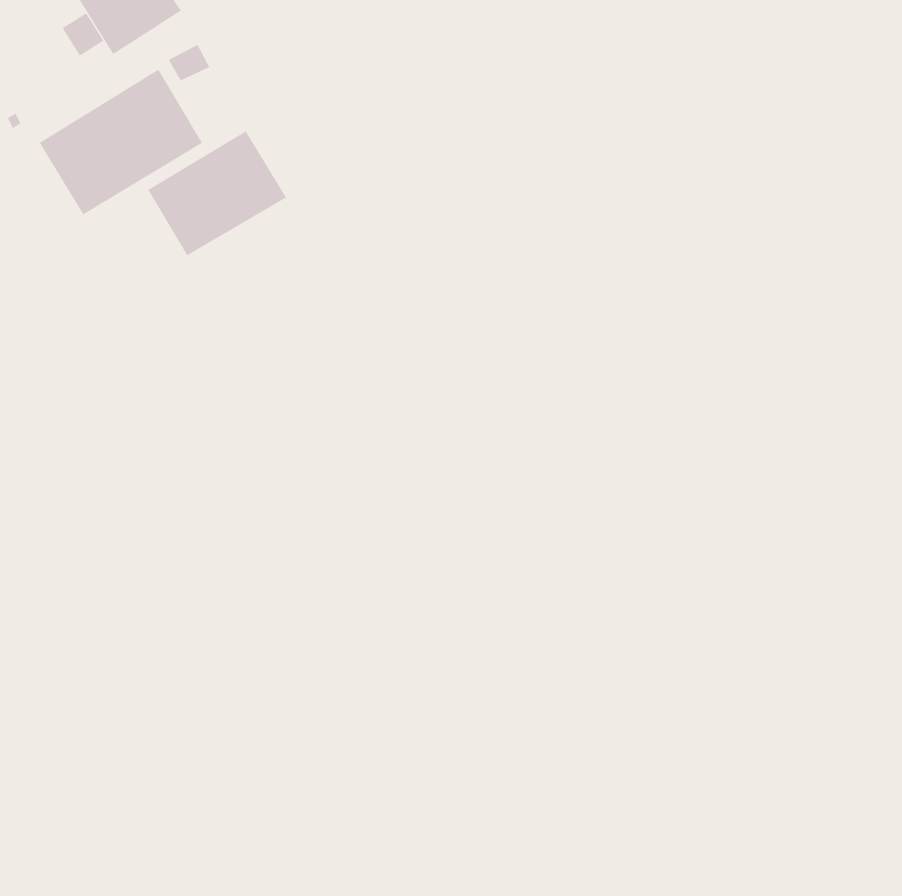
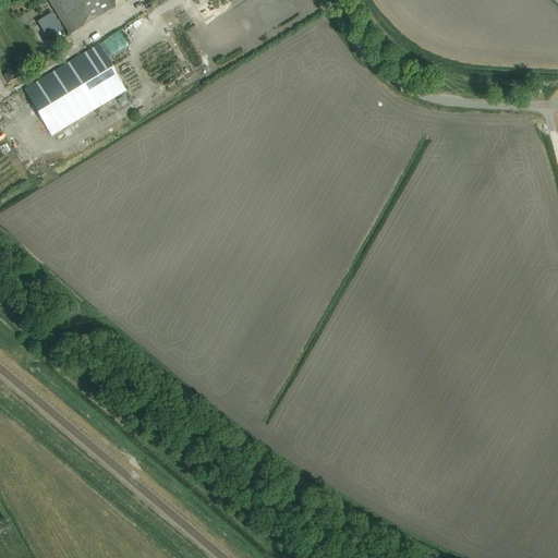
building: [147,130,287,256] -> none

